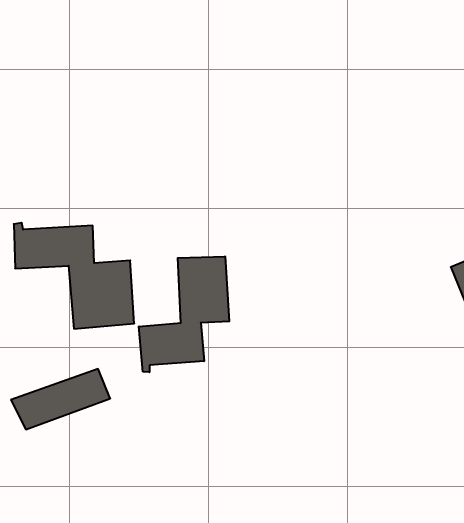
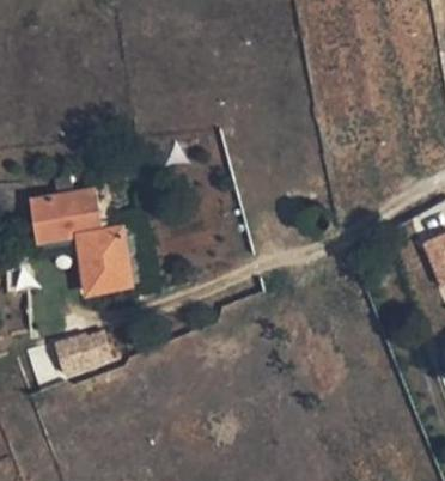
building: [139,256,229,372] -> none

